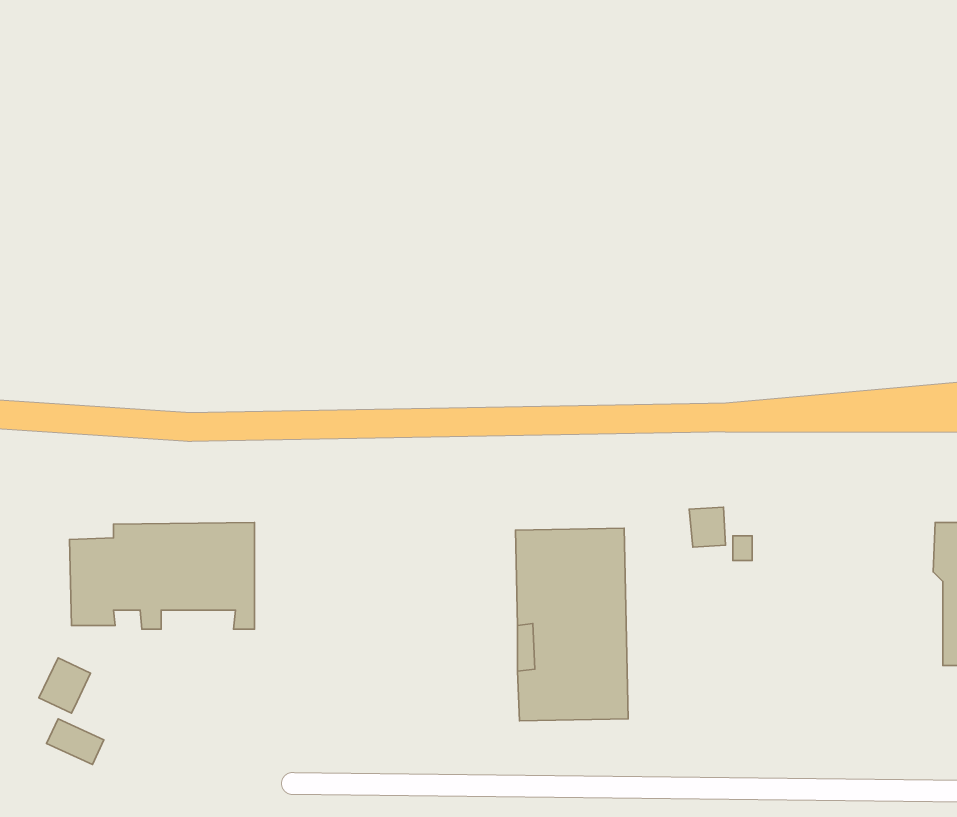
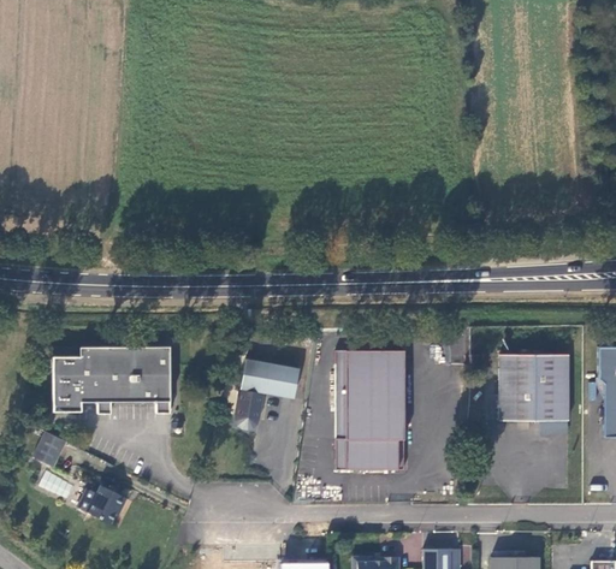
building: none -> [499,354,569,421]
building: none -> [236,358,301,429]
building: none -> [78,486,126,523]

